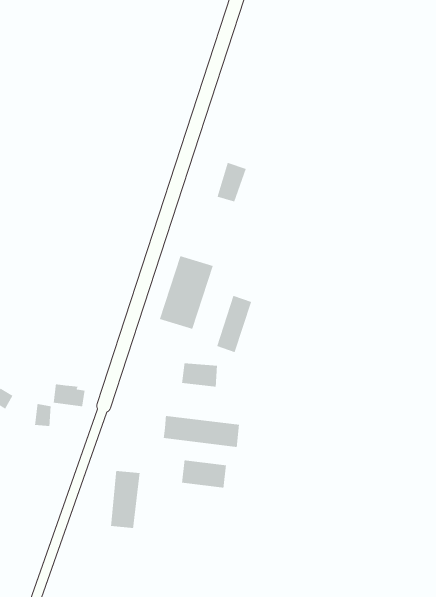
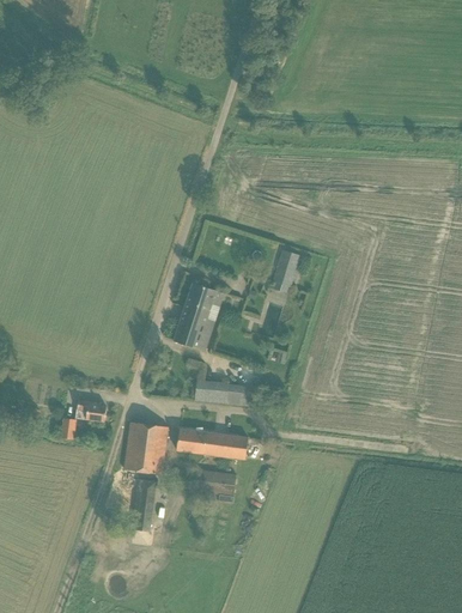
building: [217,162,247,203] -> [273,248,300,285]
building: [216,295,252,353] -> none
building: none -> [123,420,168,473]

